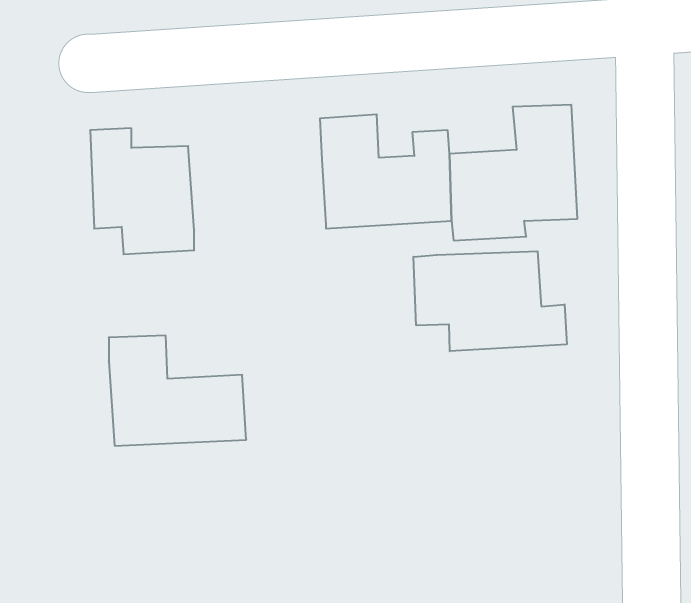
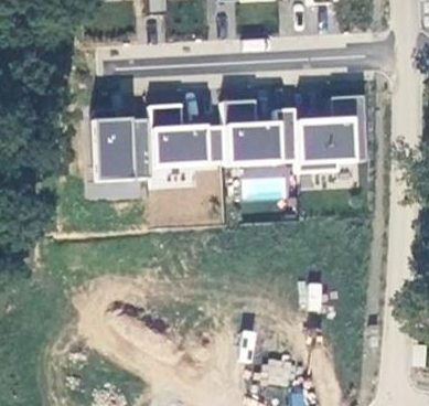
building: [413,251,567,351] -> none
building: [109,336,246,446] -> [146,103,223,164]

